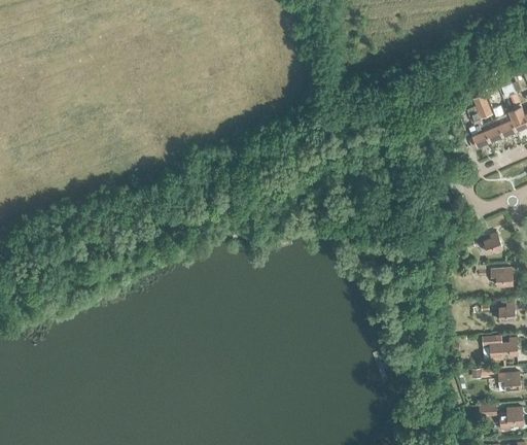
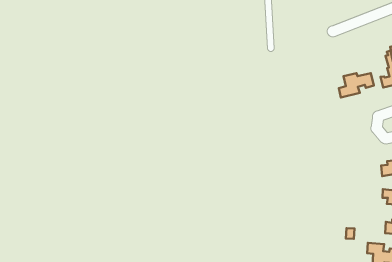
building: none -> [339,73,374,98]

